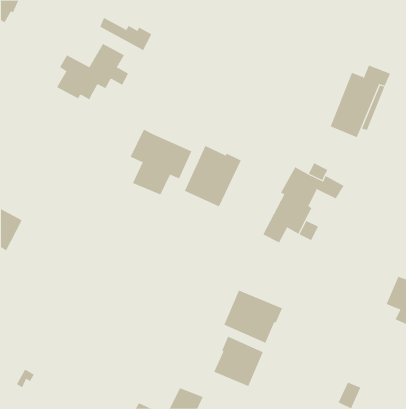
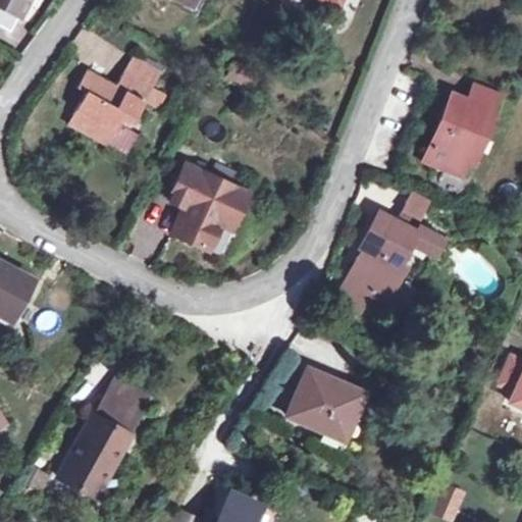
building: [99,17,152,51] -> [70,111,138,154]
building: [184,145,241,207] -> none
building: none -> [61,378,152,495]
building: [214,336,264,387] -> none

